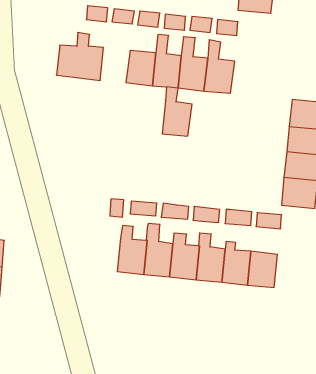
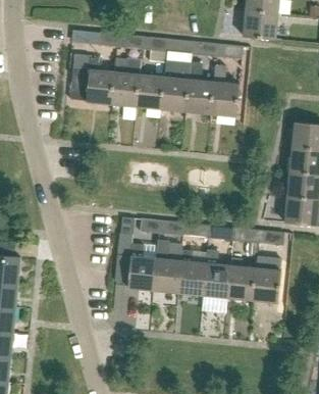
building: [162,87,192,136] -> [111,58,140,105]

